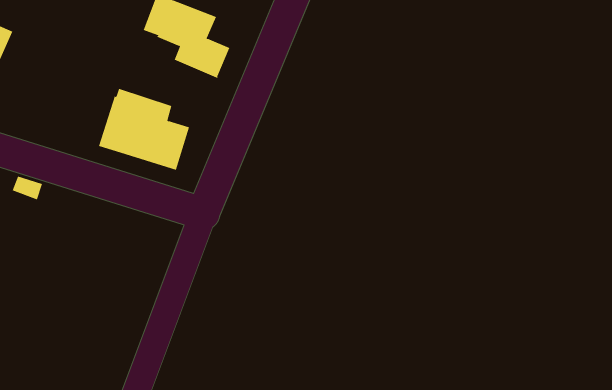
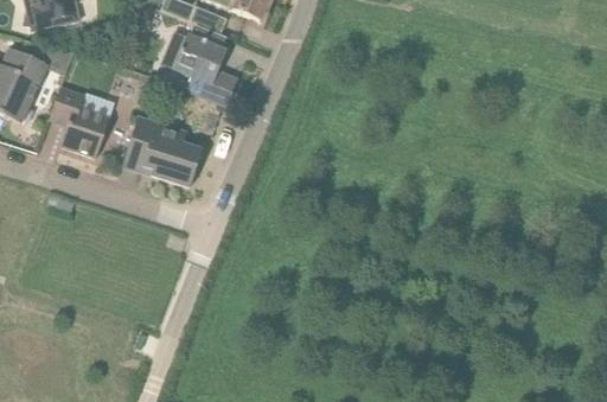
building: none -> [50,84,110,155]

